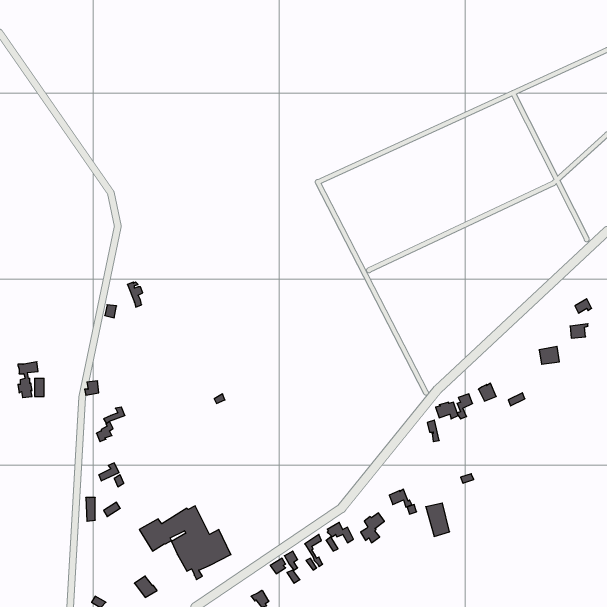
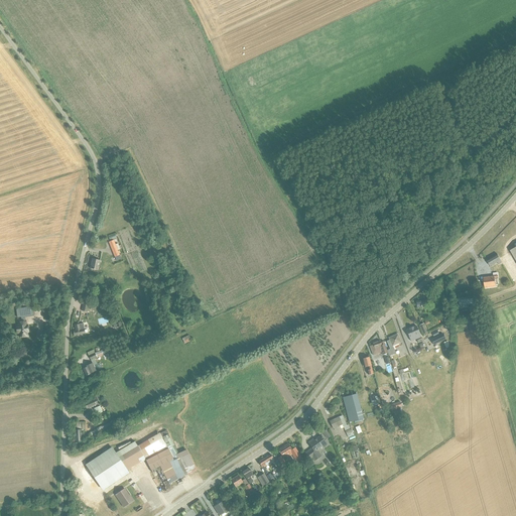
building: [426,503,450,536] -> [342,393,362,421]
building: none -> [86,447,127,489]

